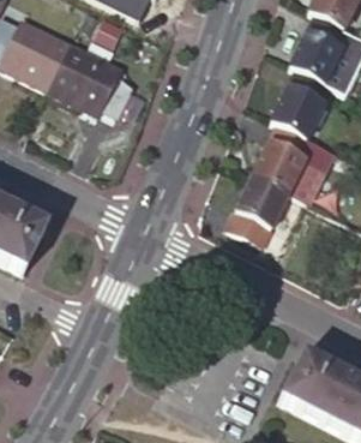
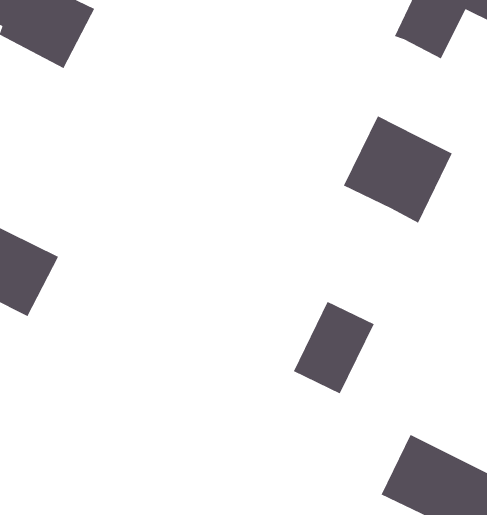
building: [49,46,131,116] -> none
building: [271,68,332,138] -> none
building: [228,175,288,244] -> [293,301,375,395]

